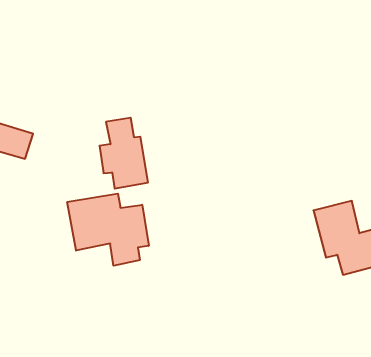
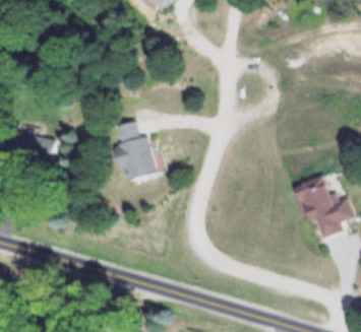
building: [67,194,149,266] -> none

